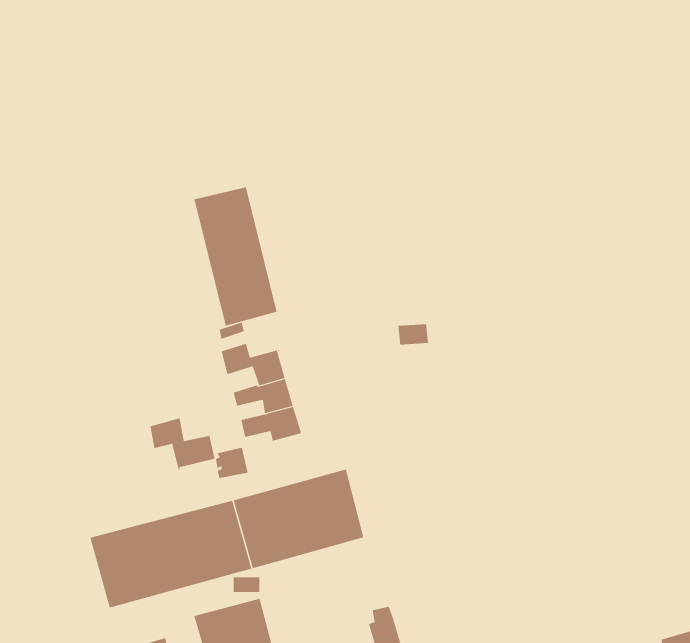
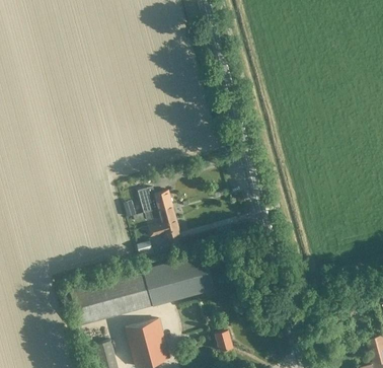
building: [194,186,277,326] -> none
building: [150,418,215,470] -> none

